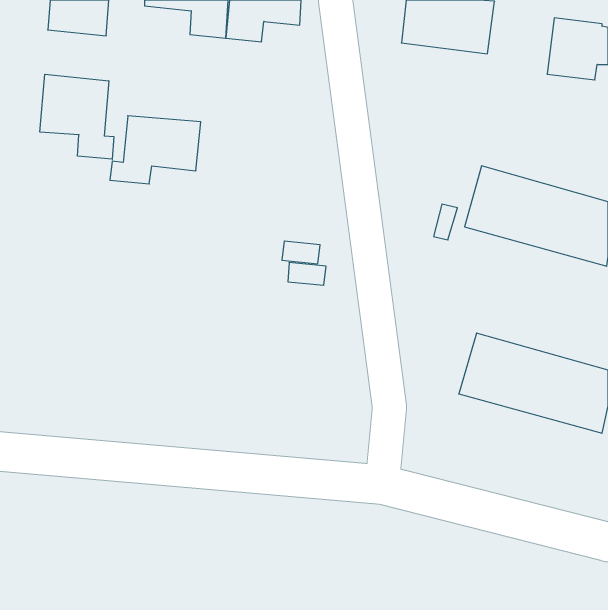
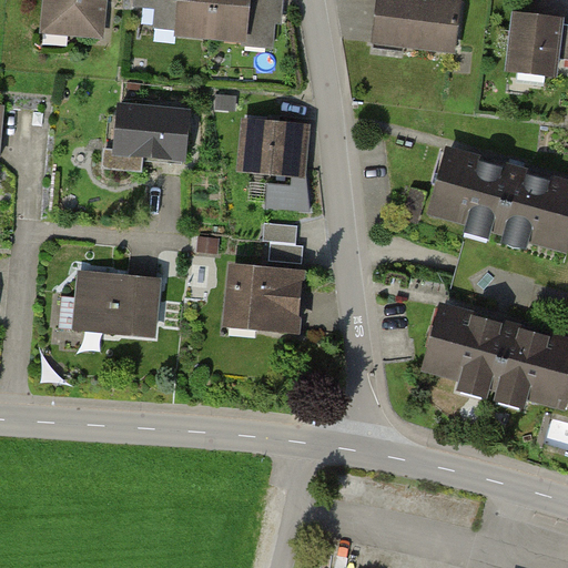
building: [40,74,114,159] -> none
building: none -> [247,124,310,212]
building: none -> [227,268,300,329]
building: none -> [58,273,158,333]

